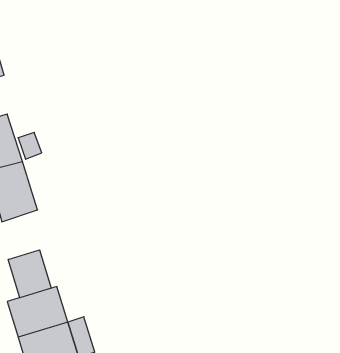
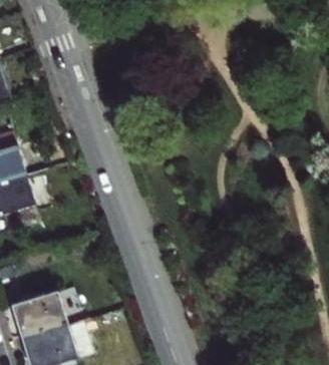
building: [8,250,51,298] -> none

